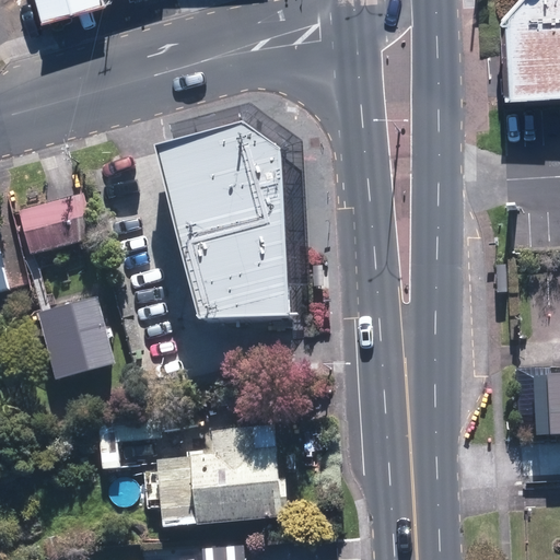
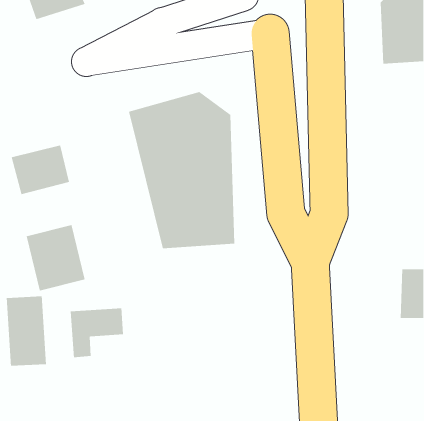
building: none -> [6,296,47,367]
building: [141,423,288,528] -> none

